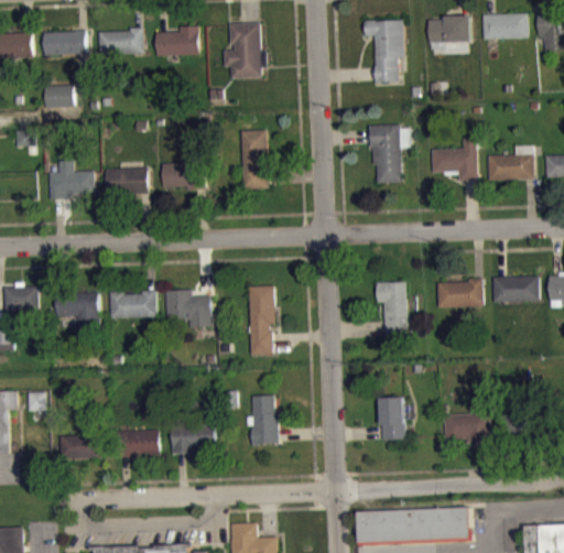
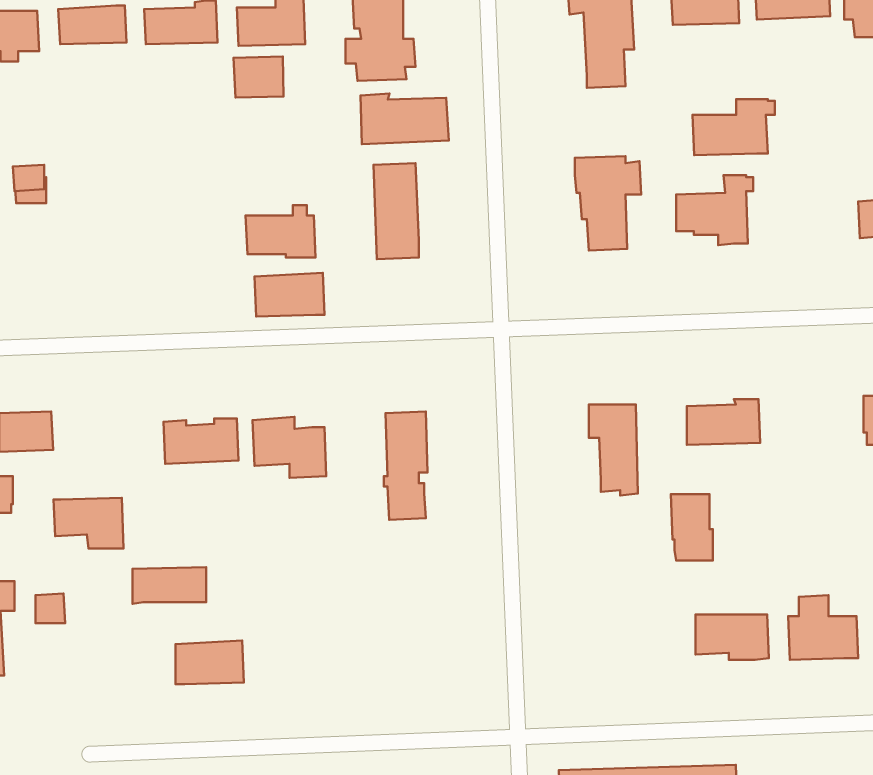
building: none -> [233,57,283,98]
building: [43,84,74,108] -> none
building: none -> [361,94,449,144]
building: [487,144,539,180] -> [692,99,775,155]
building: [48,160,95,199] -> none
building: [105,166,149,194] -> [255,273,325,317]
building: [494,275,540,301] -> none
building: [55,292,99,324] -> [54,498,124,549]
building: [246,394,280,444] -> none
building: [380,397,406,438] -> [671,494,713,561]
building: [171,418,216,453] -> none
building: [59,435,106,458] -> [133,567,206,604]

